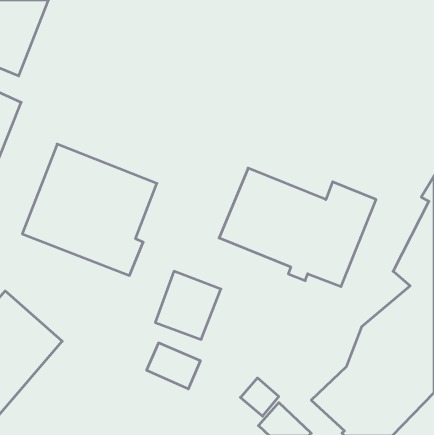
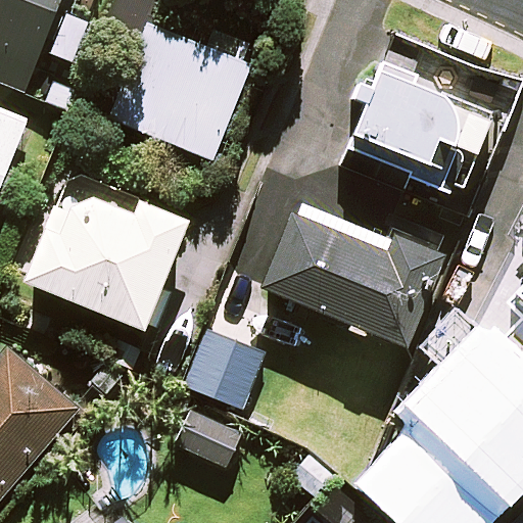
building: none -> [112,25,249,159]
building: none -> [341,67,501,222]

